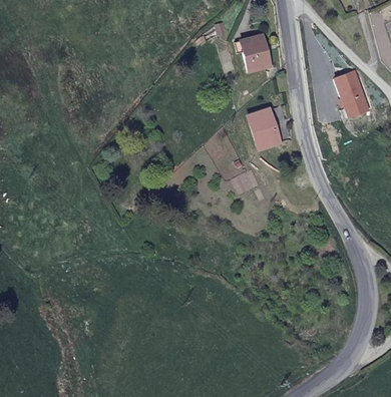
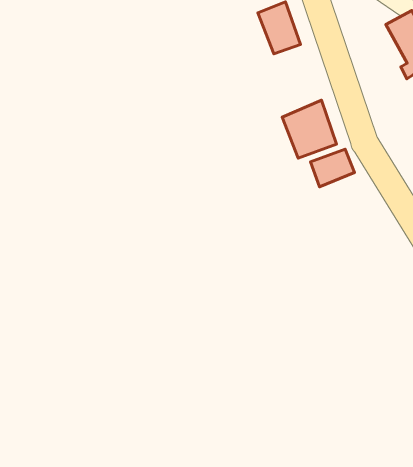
building: none -> [311,149,355,187]

